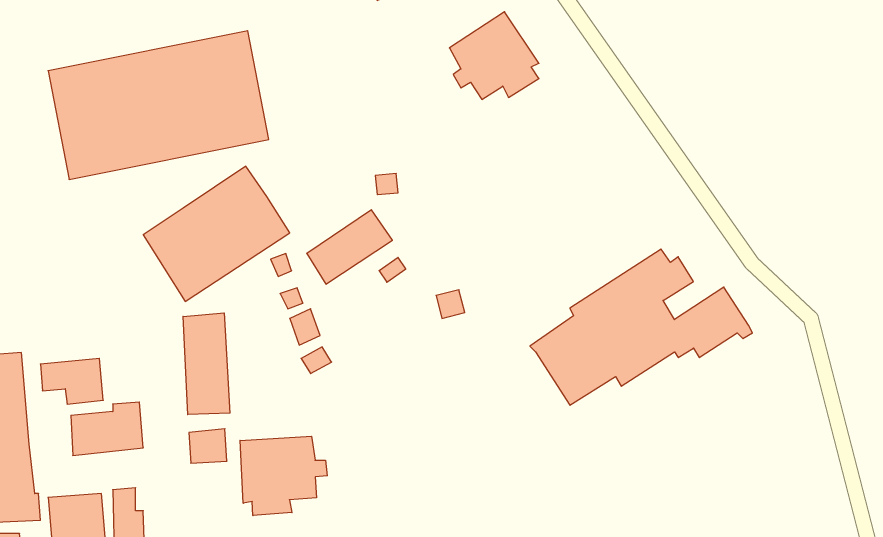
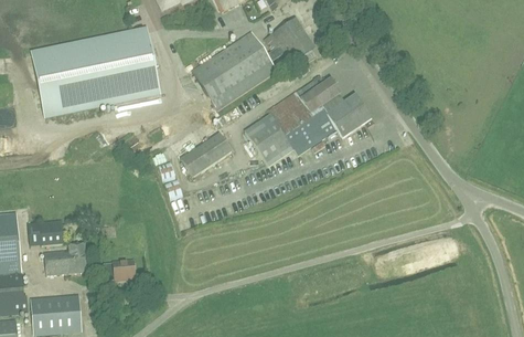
building: [143,166,290,301] -> [191,30,276,108]
building: [530,249,752,405] -> [244,74,373,165]
building: [183,313,230,415] -> none
building: [240,436,327,516] -> none

